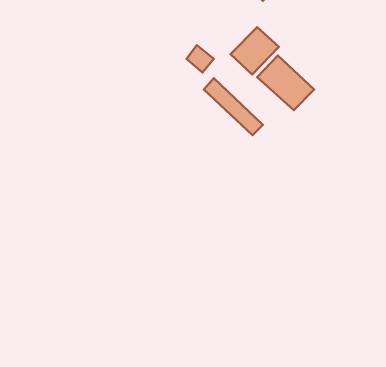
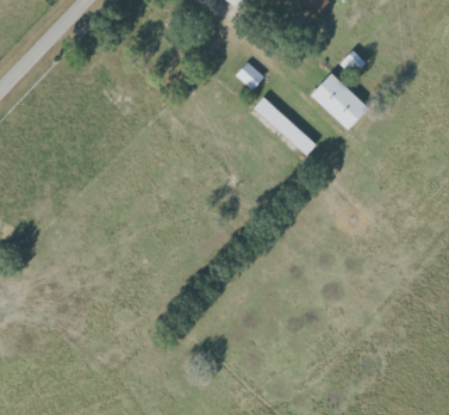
building: [230,27,279,75] -> none

